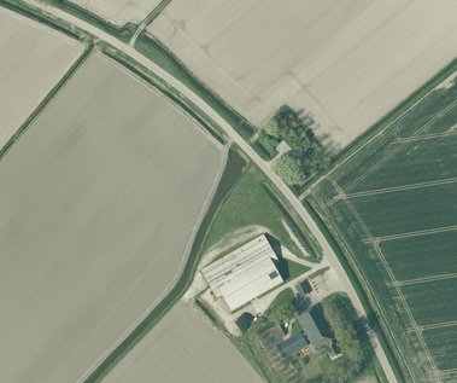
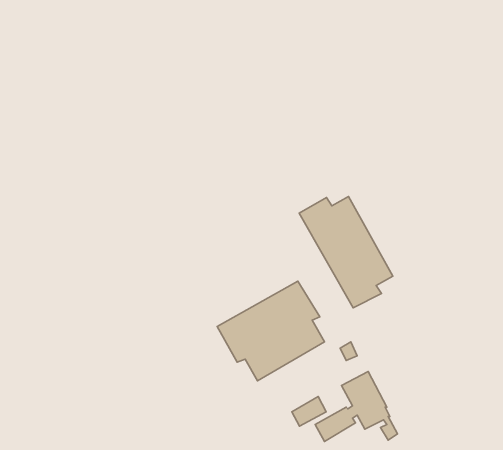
building: none -> [299,196,393,308]

